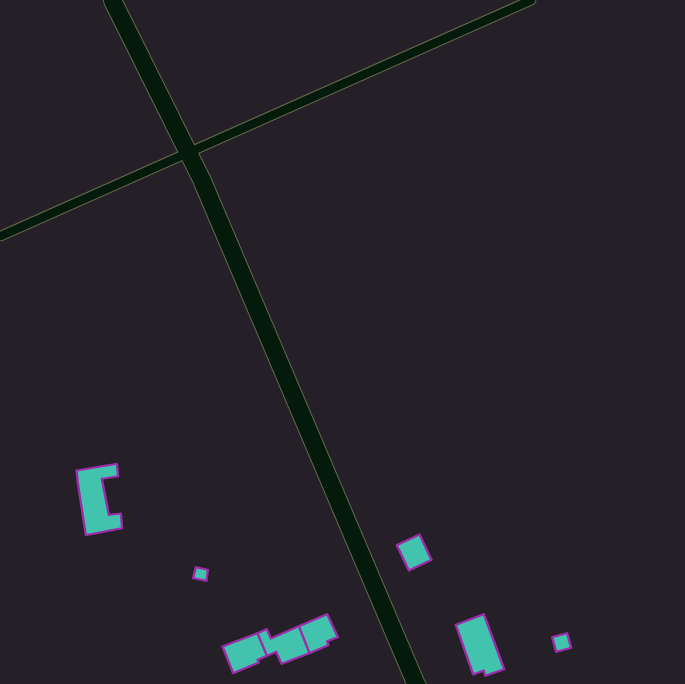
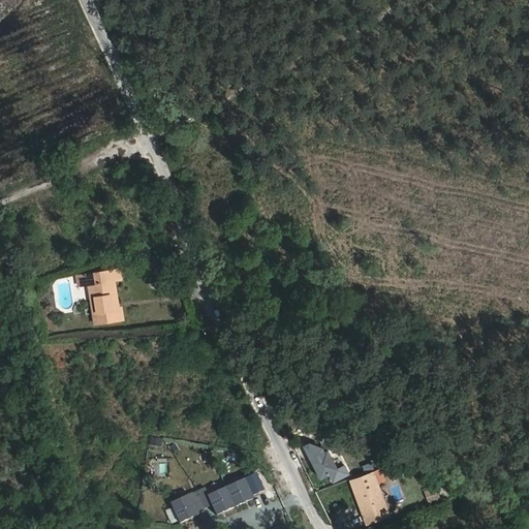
building: [77,464,122,535] -> [88,271,123,325]
building: [397,534,432,571] -> [311,452,338,479]

